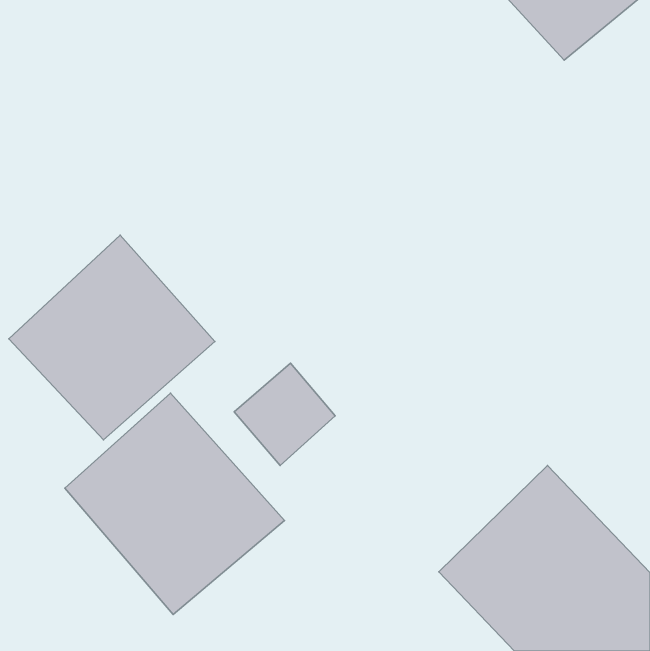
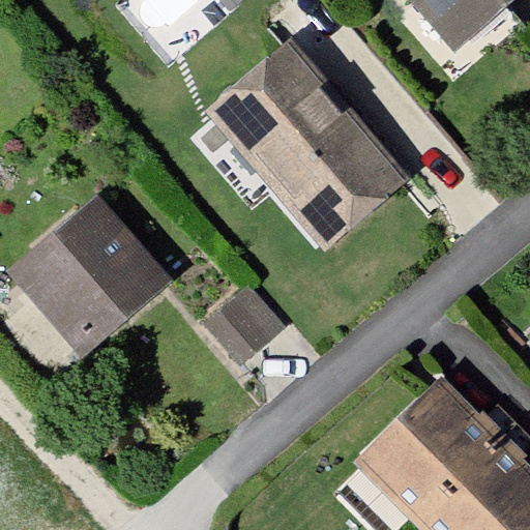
building: none -> [203,38,412,253]
building: [65,393,284,614] -> none

